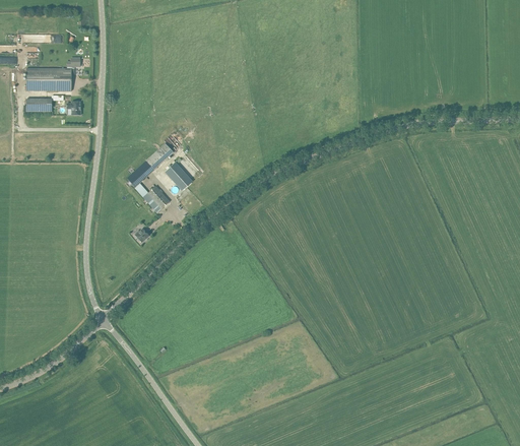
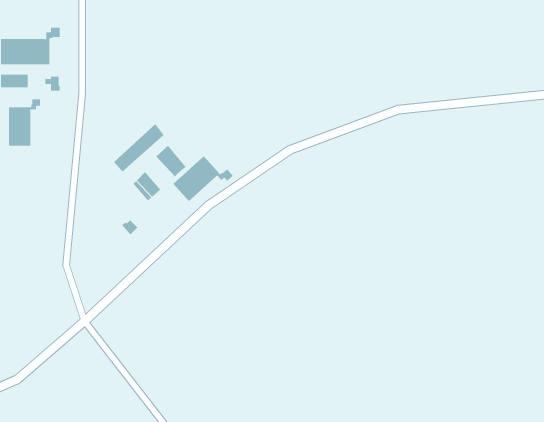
building: none -> [9,98,40,147]
building: none -> [173,156,234,202]

